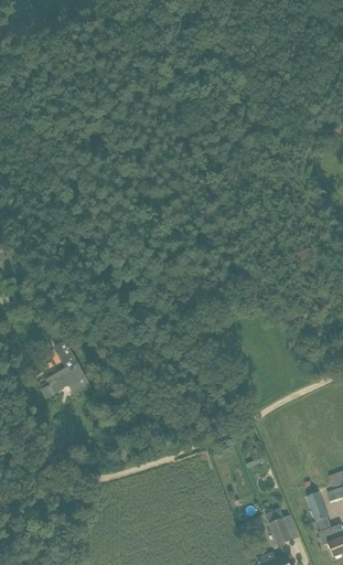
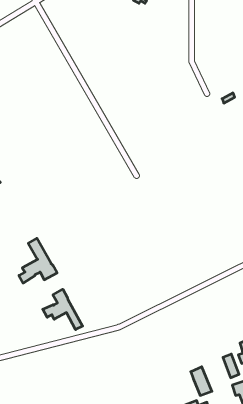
building: none -> [43,289,83,330]

